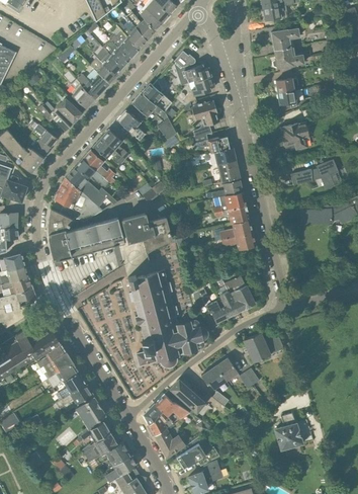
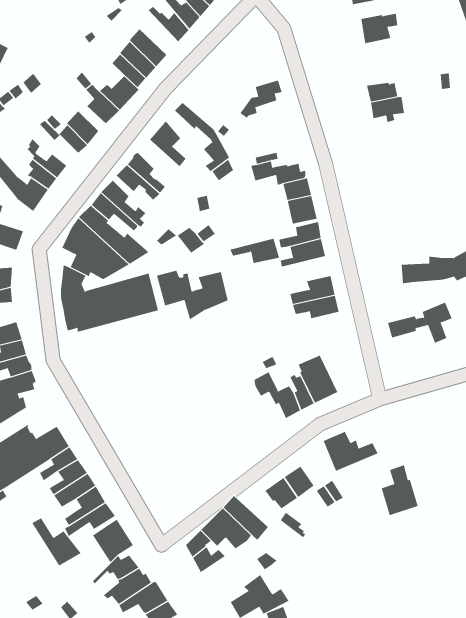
building: [109,25,139,58] -> none
building: [273,46,303,68] -> none
building: [174,51,211,83] -> none
building: [142,79,172,111] -> none
building: [192,100,218,127] -> none
building: [278,121,309,150] -> none
building: [290,159,338,189] -> [387,302,453,344]
building: [213,204,250,224] -> [230,238,280,265]
building: [127,269,207,365] -> none
building: none -> [32,517,82,567]
building: [275,412,302,449] -> [381,464,418,516]
building: [155,429,184,458] -> none

